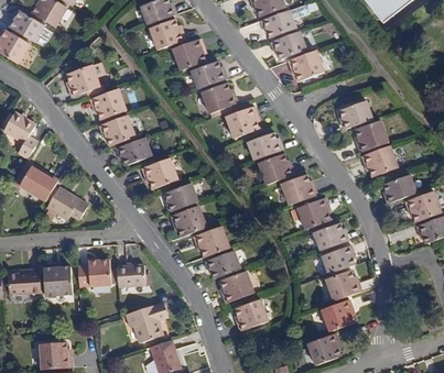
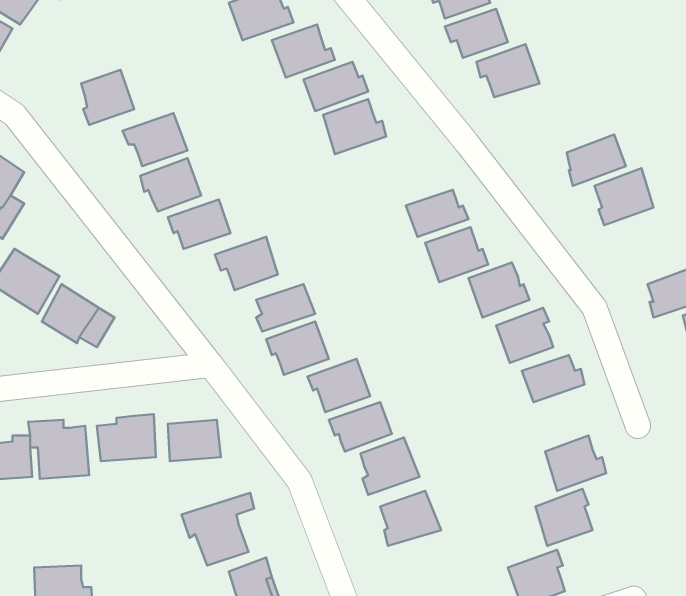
building: [227,106,260,136] -> none
building: [361,146,398,177] -> none
building: [322,245,355,274] -> none

